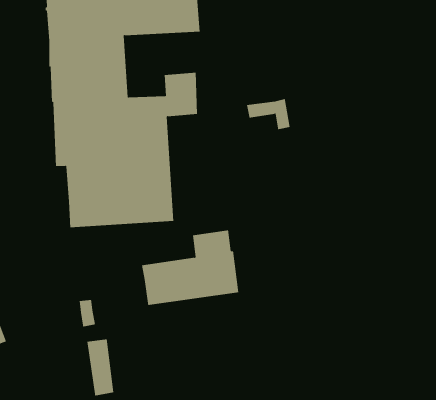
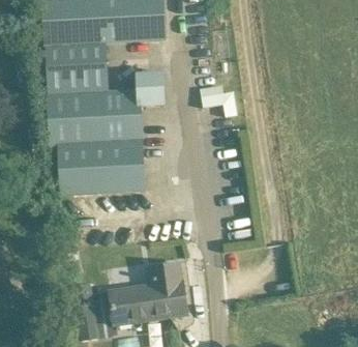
building: [141,230,239,306] -> [109,264,186,324]

